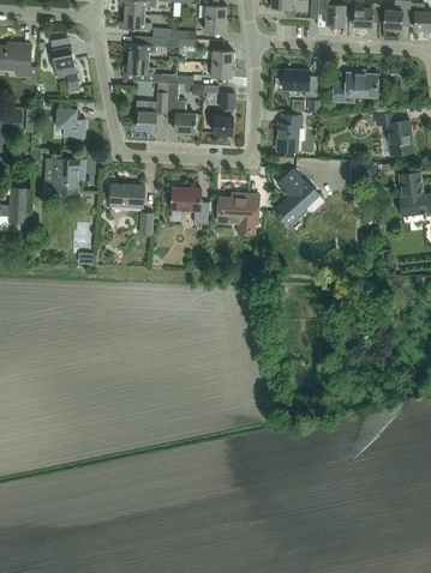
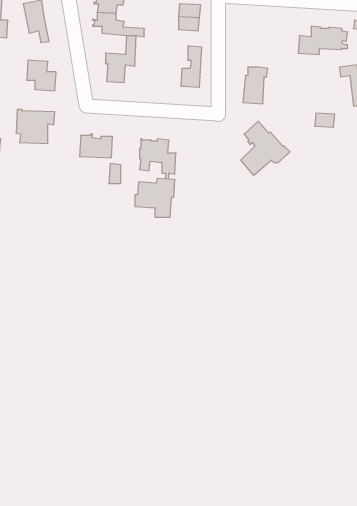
building: [282,70,317,97] -> none
building: [166,83,194,133] -> none
building: [217,194,258,234] -> [135,178,175,217]

